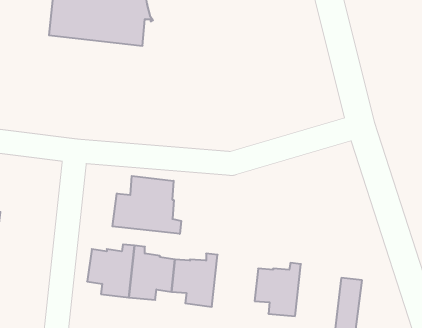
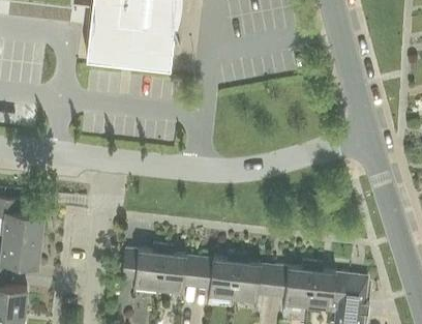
building: [112,176,181,234] -> none
building: none -> [233,257,274,306]
building: none -> [307,265,349,315]

